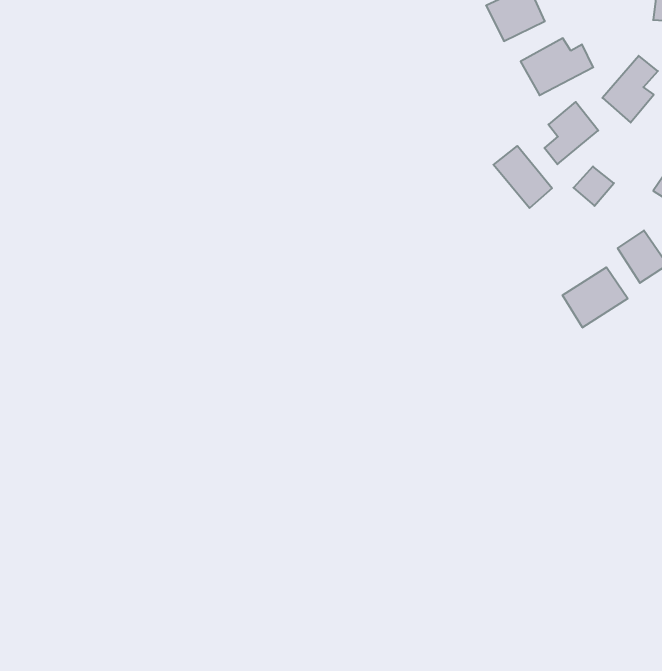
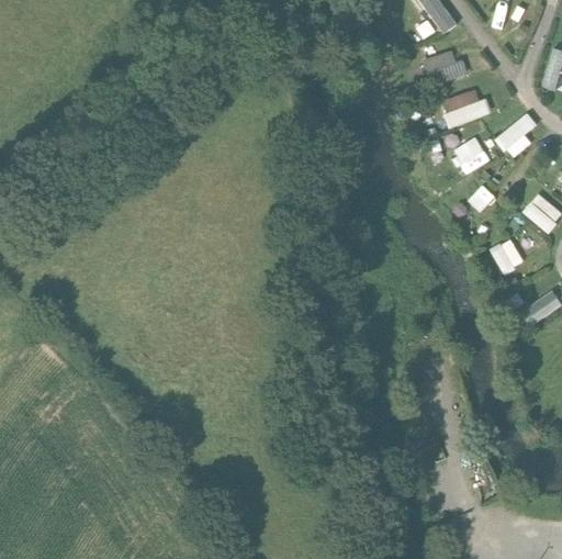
building: [493,146,552,208] -> none
building: [563,267,628,328] -> none

